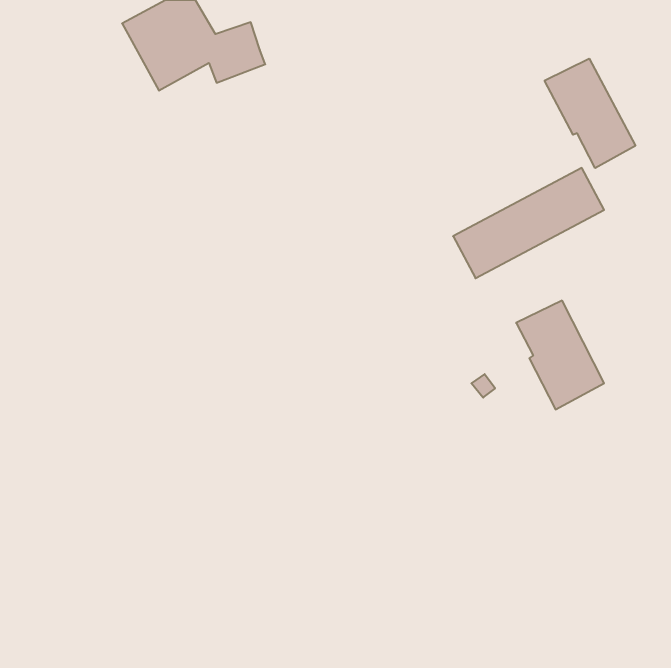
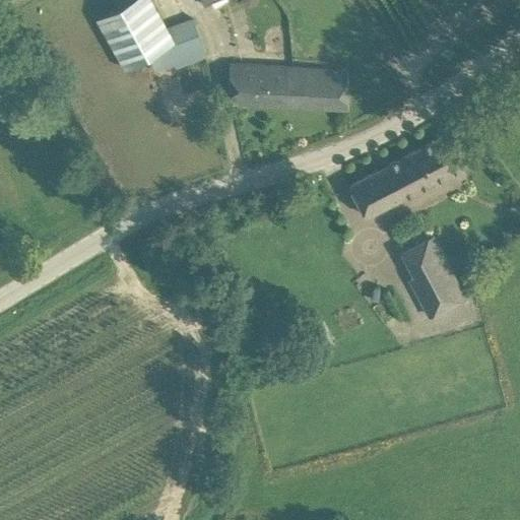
building: [545,59,635,168] -> none
building: none -> [230,64,348,111]

